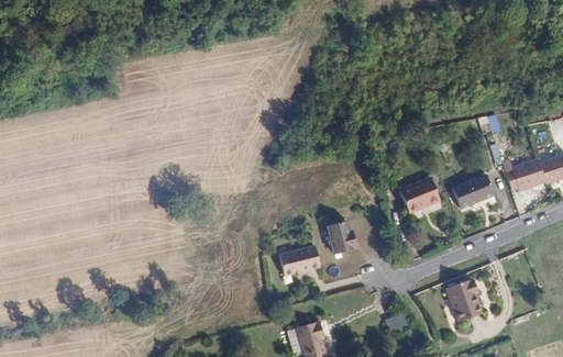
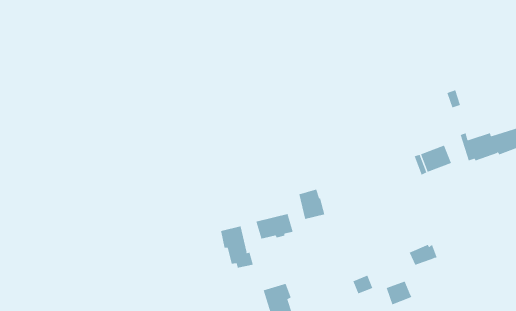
building: [400,176,440,212] -> none
building: none -> [221,226,253,269]
building: [453,295,482,322] -> [386,281,412,305]

